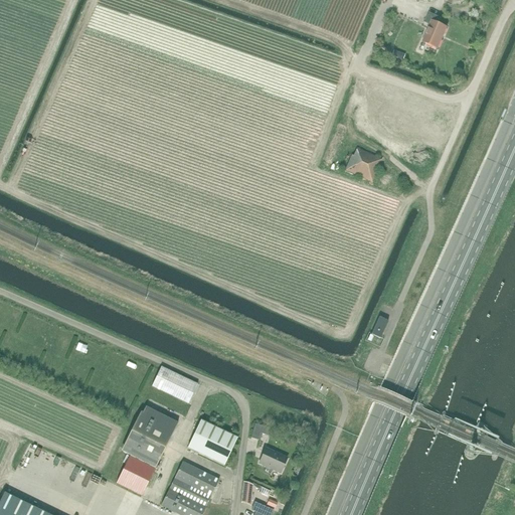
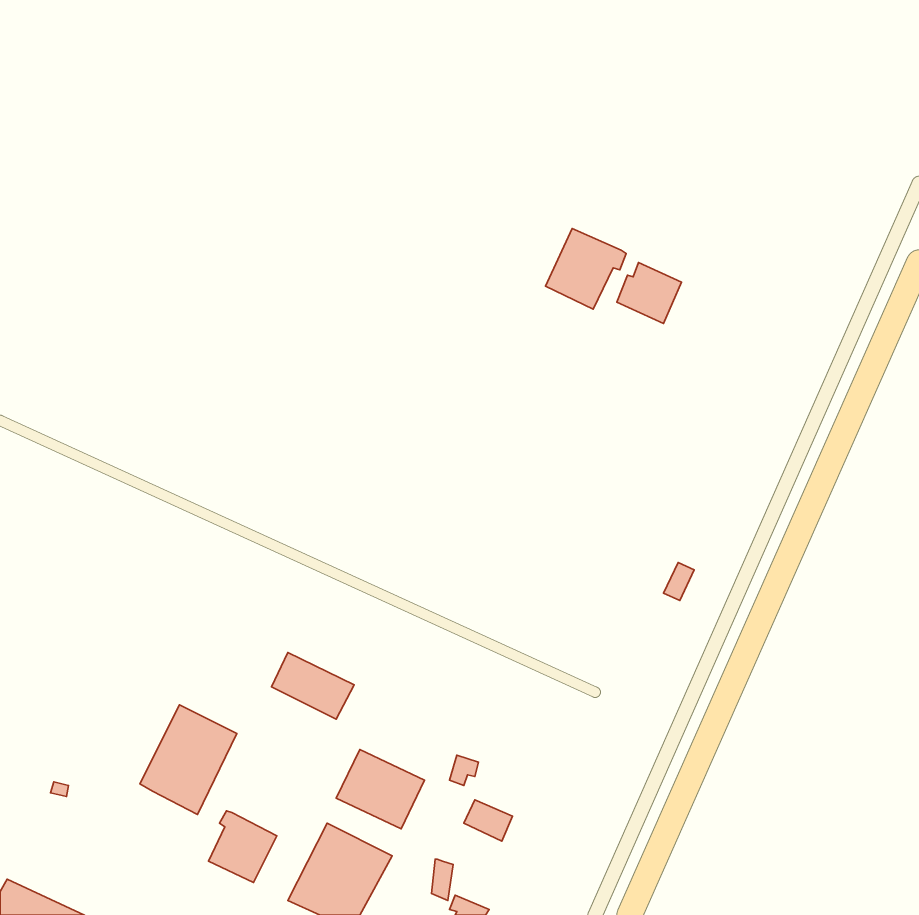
building: [422,11,447,46] -> none
building: none -> [546,229,626,309]
building: [123,406,177,468] -> [140,705,237,815]

